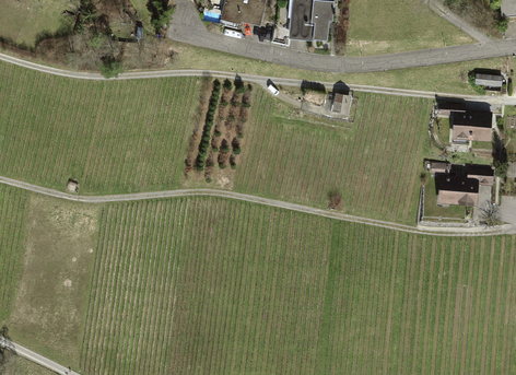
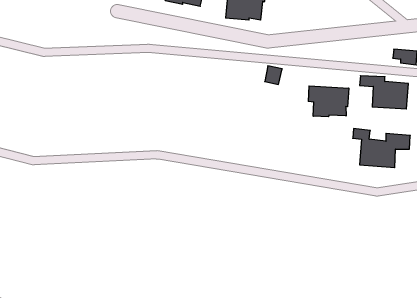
building: none -> [308,86,349,117]

